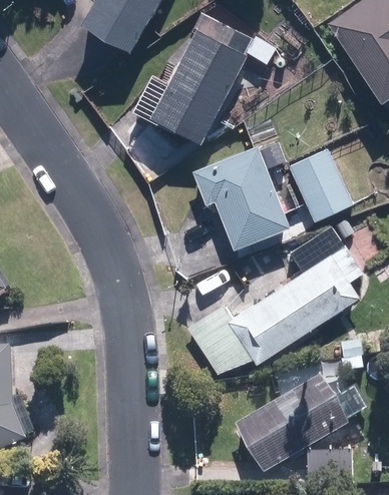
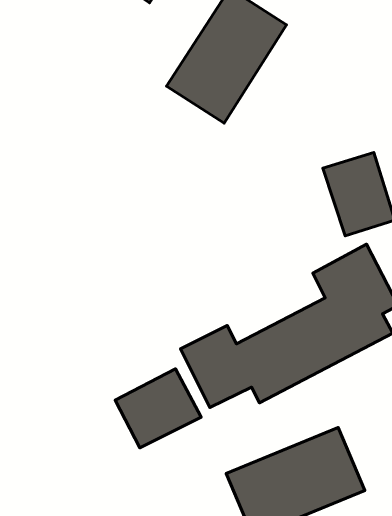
building: [192,143,291,246] -> none
building: none -> [115,369,201,448]

